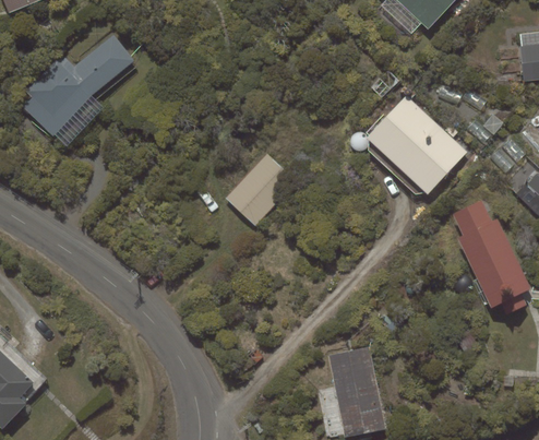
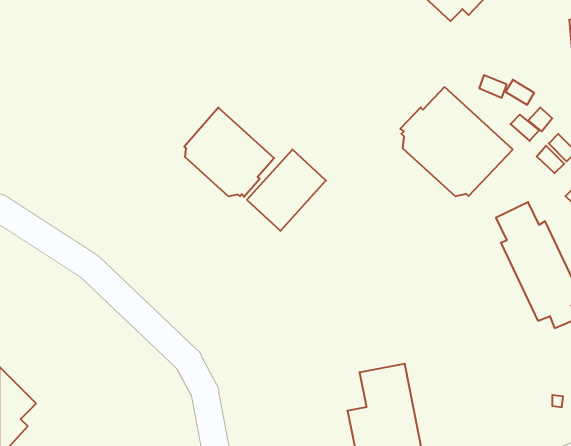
building: [23,34,135,145] -> none
building: none -> [184,107,274,197]

